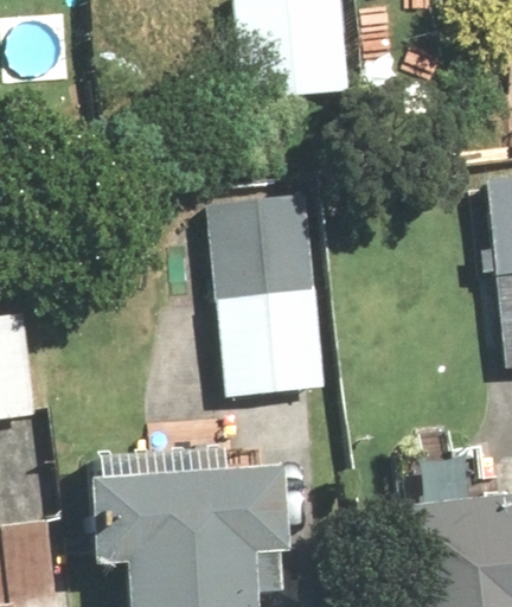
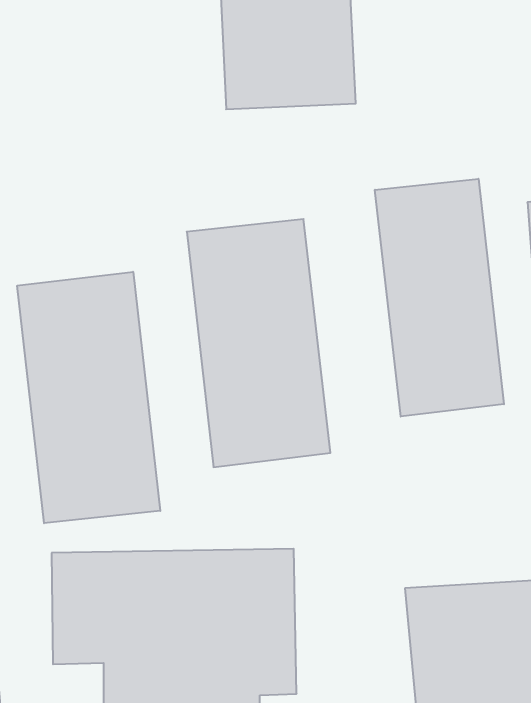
building: none -> [375,179,504,417]
building: none -> [17,272,160,523]

